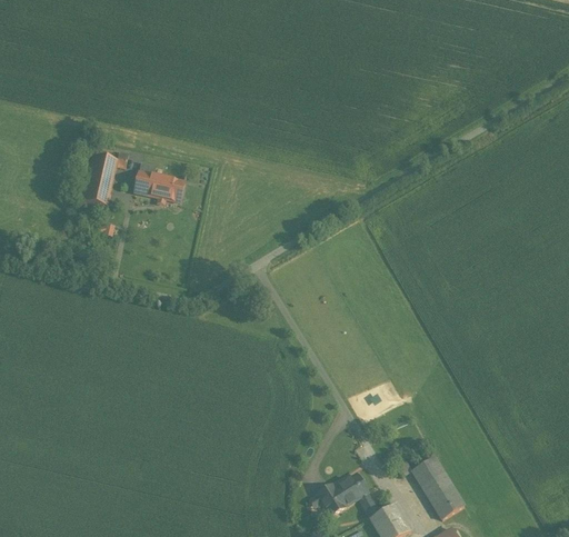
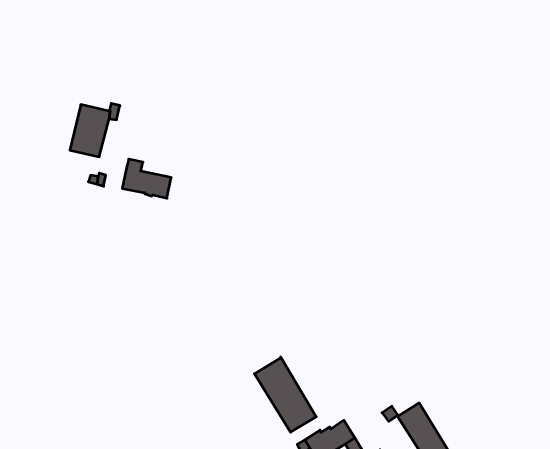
building: [134,161,184,201] -> [122,159,171,198]
building: none -> [254,357,316,432]

